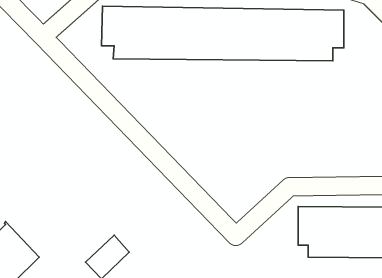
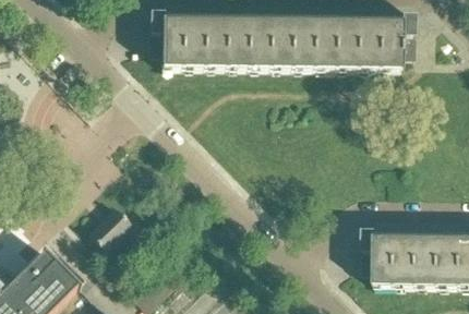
building: none -> [87,208,149,253]

